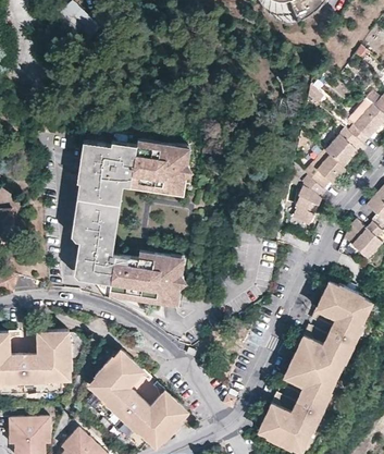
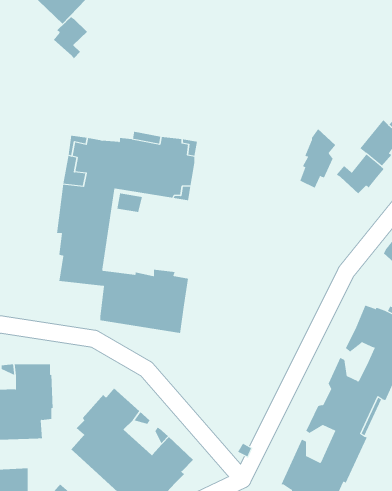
building: none -> [53,16,88,59]
building: [293,175,323,225] -> [299,128,336,189]
building: [73,261,112,291] -> none

